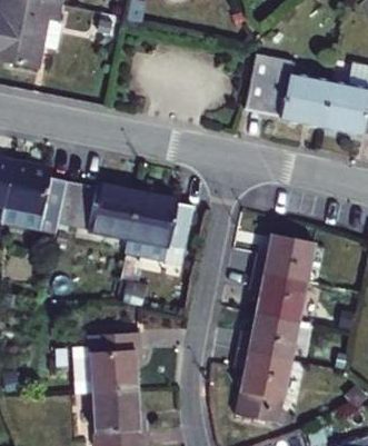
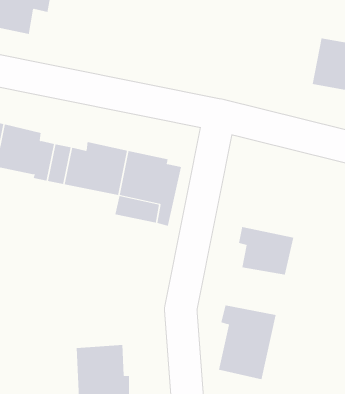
building: [249,54,335,127] -> none
building: [255,231,317,281] -> none
building: [238,311,299,359] -> none
building: [84,331,139,393] -> none

